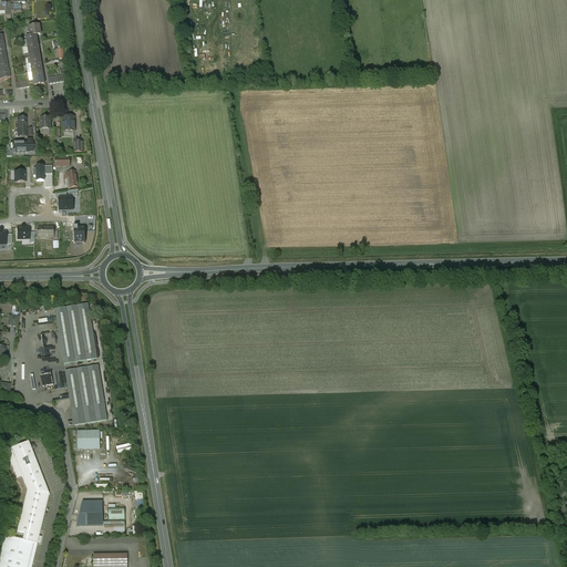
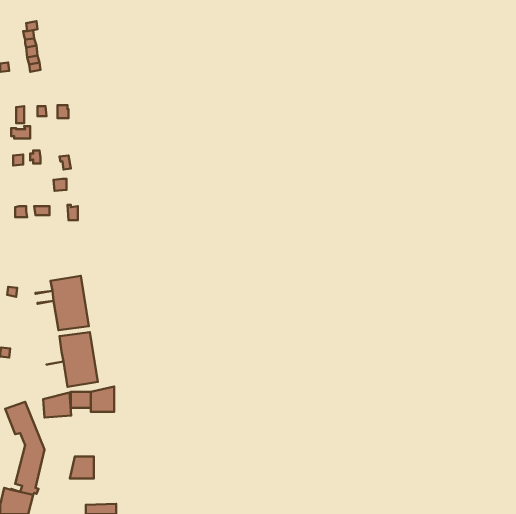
building: none -> [91,386,114,412]
building: none -> [43,393,71,417]

